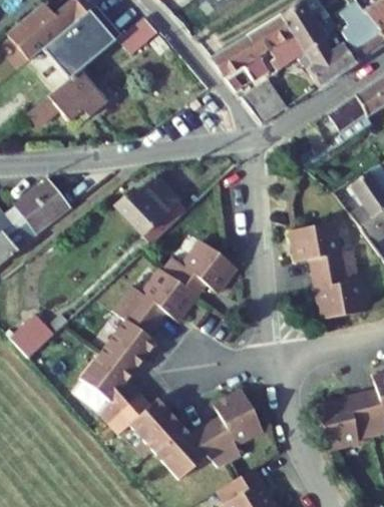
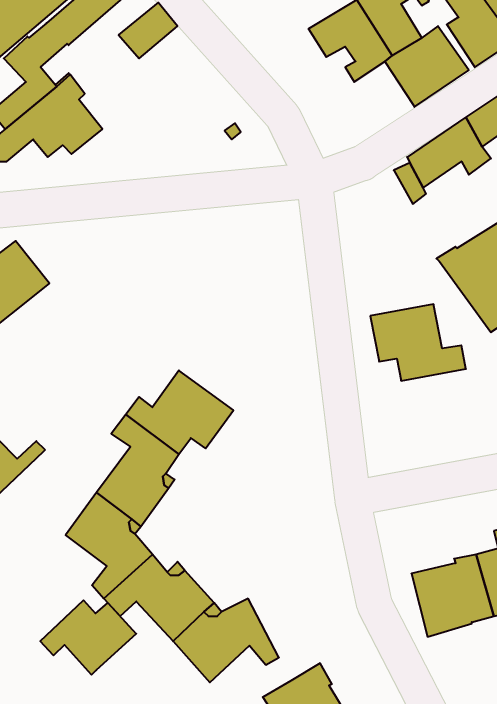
building: [212,35,270,80] -> none
building: [242,78,288,123] -> none
building: [115,175,187,244] -> none
building: [163,240,236,297] -> none
building: [311,267,365,320] -> none
building: [207,391,263,463] -> none
building: none -> [40,600,136,675]

